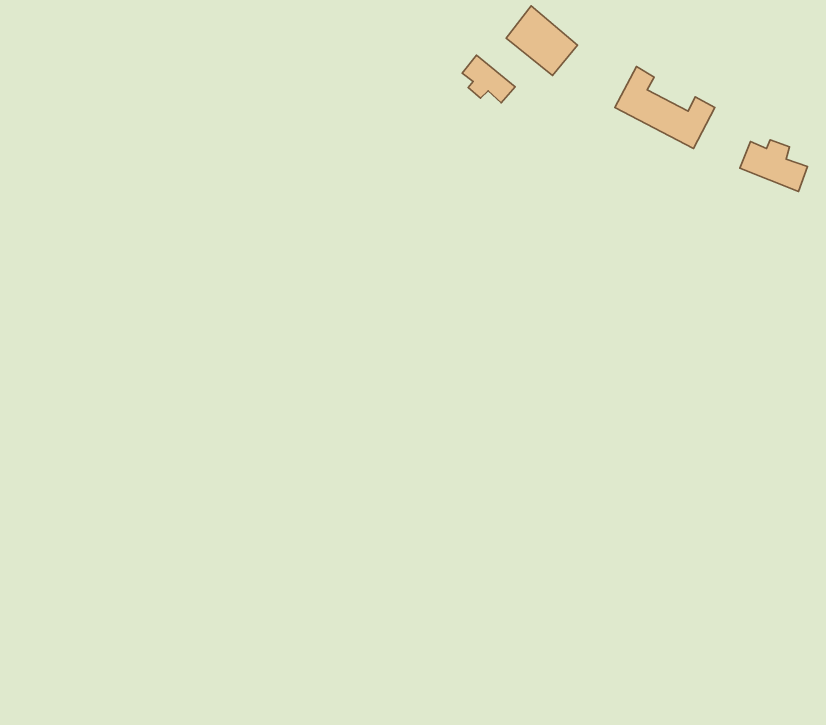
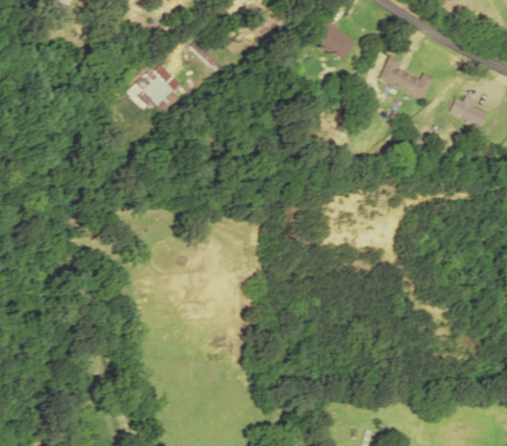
building: [462,55,515,103] -> none
building: none -> [141,72,178,110]

